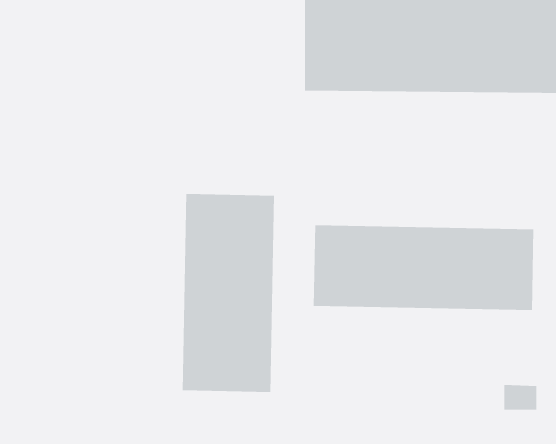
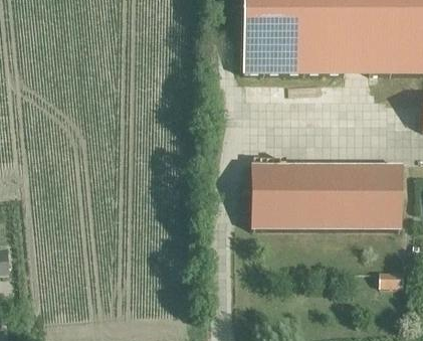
building: [182,193,275,393] -> none

